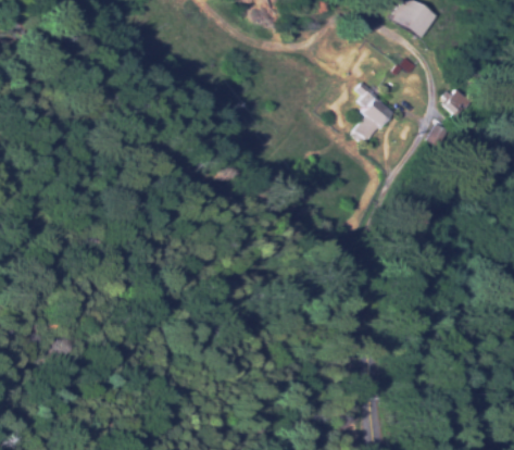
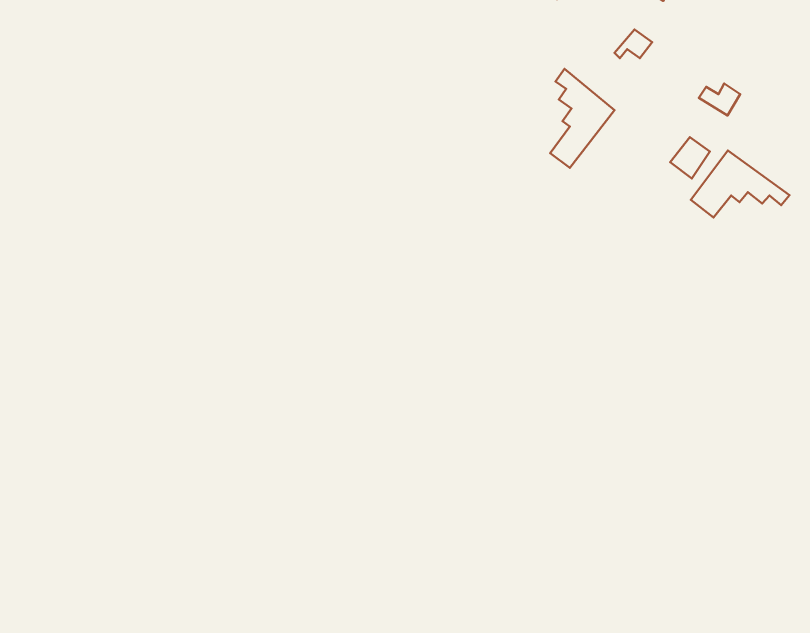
building: none -> [691,151,790,217]

